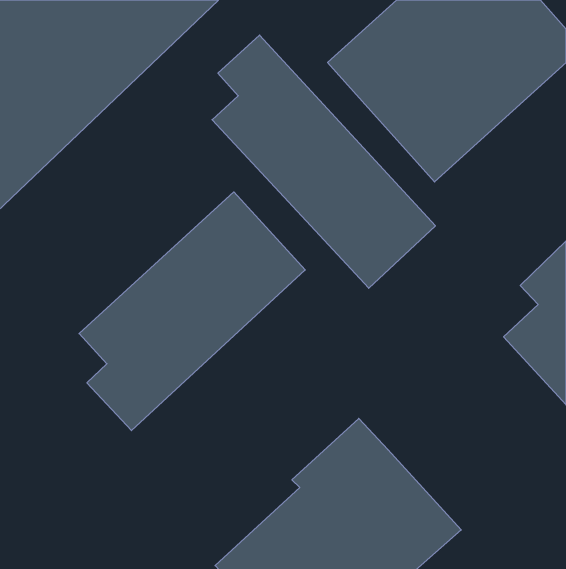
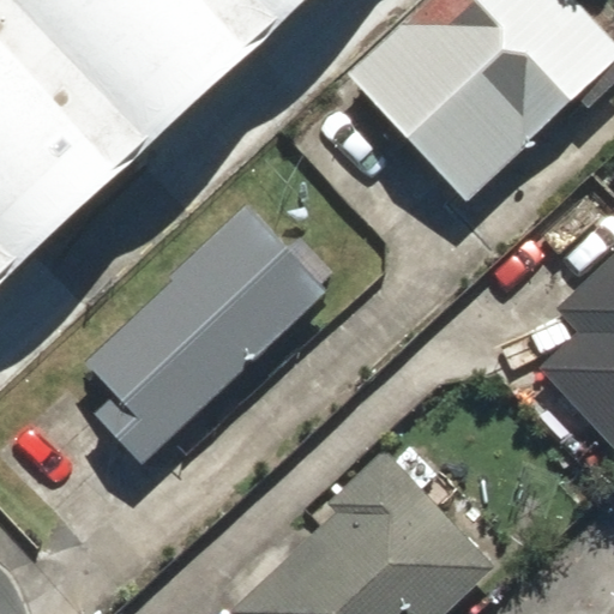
building: [212,35,435,288] -> none

